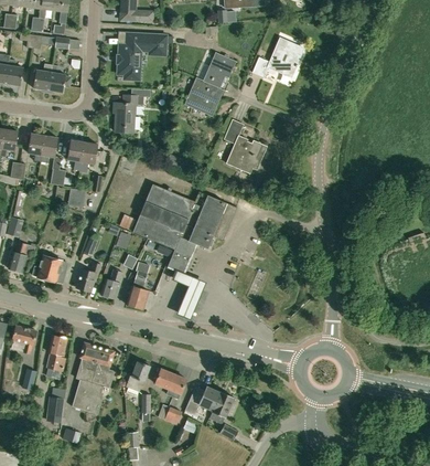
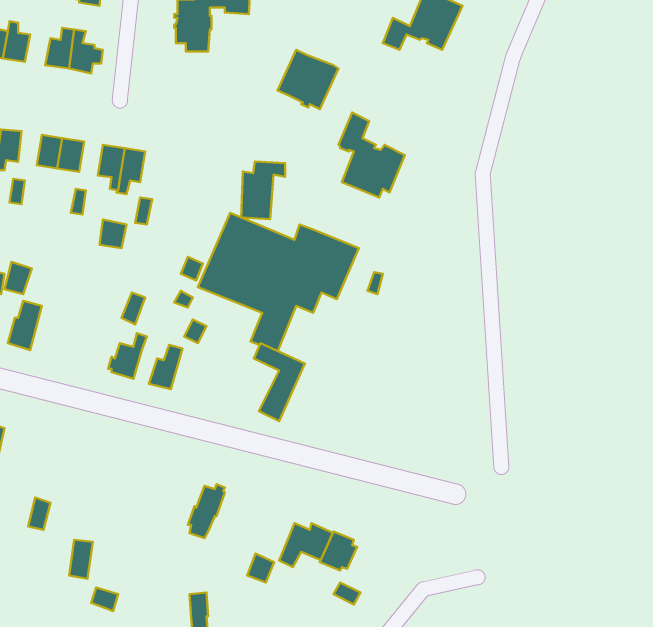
building: [203,50,237,87] -> none
building: [115,95,143,133] -> [241,161,285,219]
building: [31,254,68,283] -> none
building: [127,262,150,308] -> none
building: [11,326,36,353] -> none
building: [46,335,67,370] -> none
building: [72,342,115,413] -> none
building: [155,369,186,398] -> none

